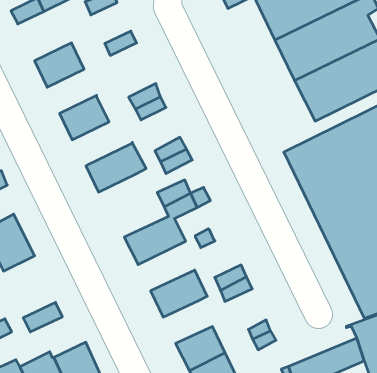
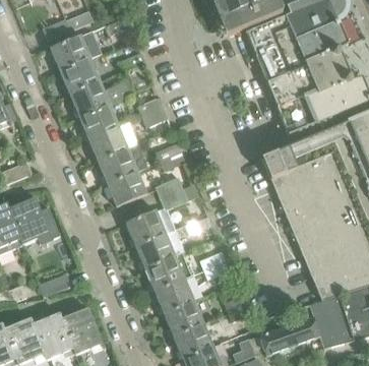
building: none -> [50,28,103,70]
building: none -> [69,78,135,115]
building: none -> [87,121,136,160]
building: none -> [107,169,147,205]
building: none -> [136,227,186,266]
building: none -> [155,277,195,311]

